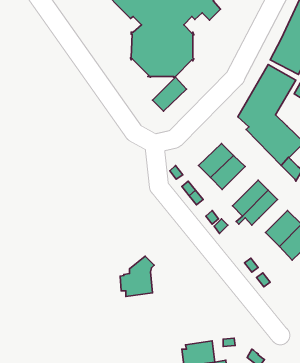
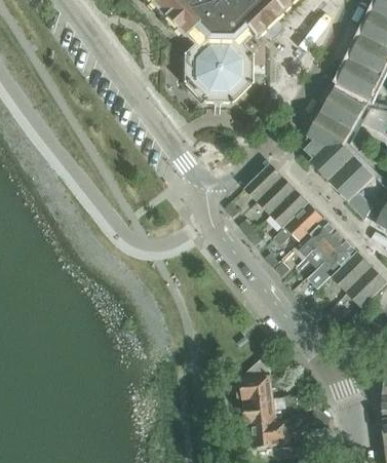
building: [152,77,186,111] -> [243,162,281,200]
building: none -> [273,201,322,243]
building: none -> [309,238,355,290]
building: [120,256,154,296] -> [235,355,273,400]

